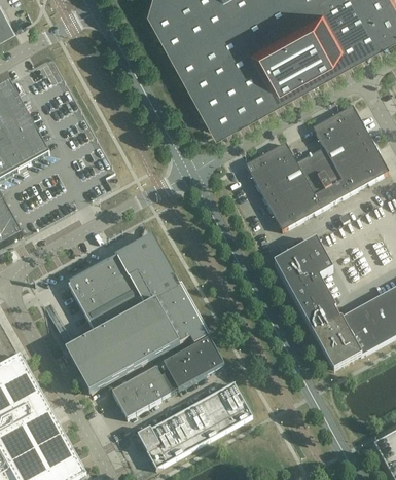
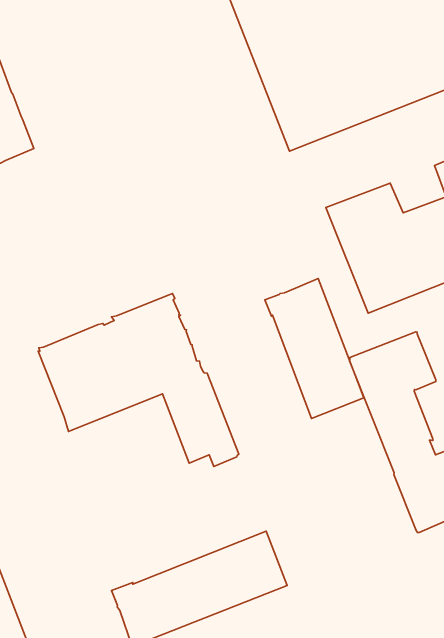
building: none -> [265,279,364,418]
building: [62,301,179,393] -> none
building: [112,338,223,418] -> none

